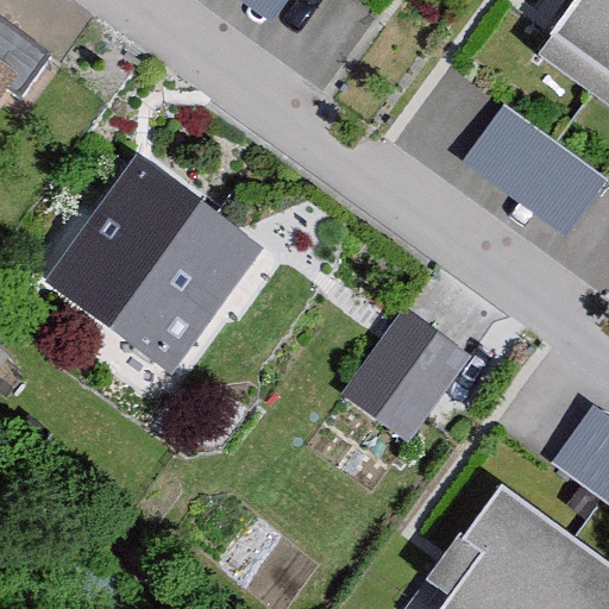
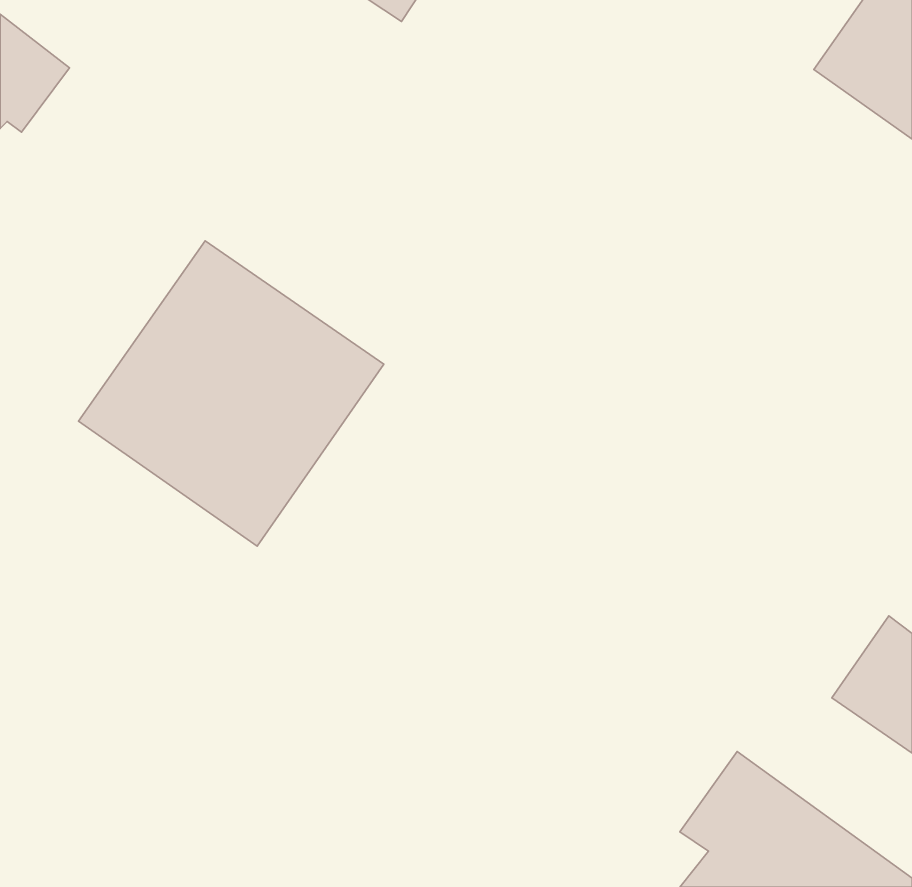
building: [467,112,601,232] -> none
building: [343,313,466,442] -> none

